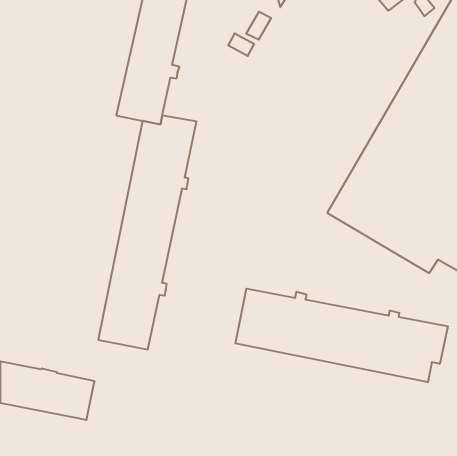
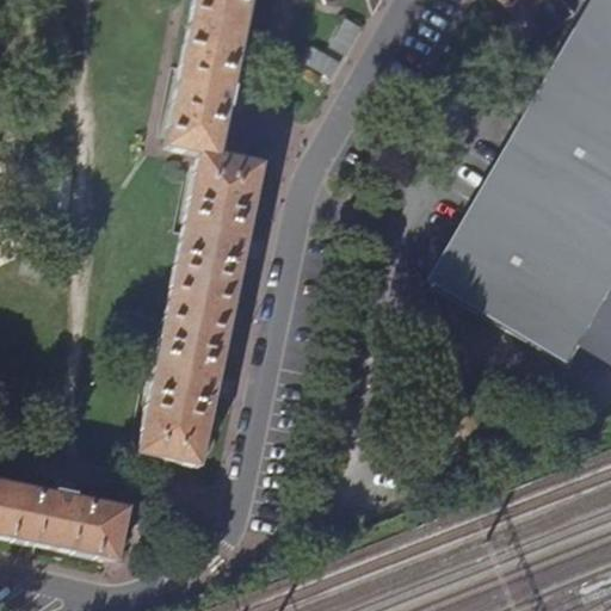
building: [235,289,448,382] -> none

